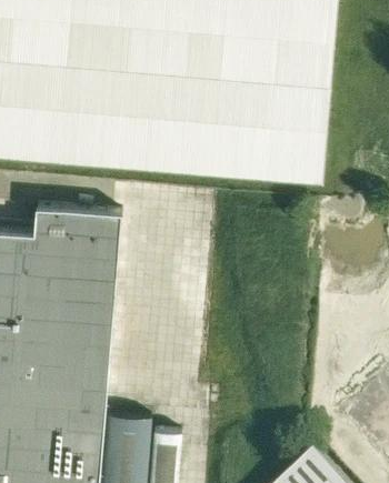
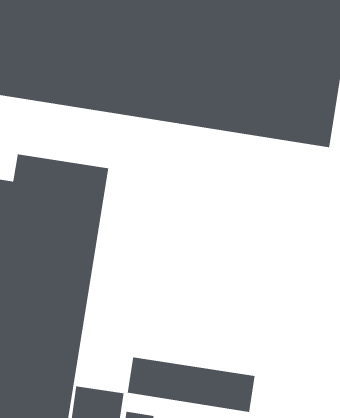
building: none -> [127,357,256,413]

